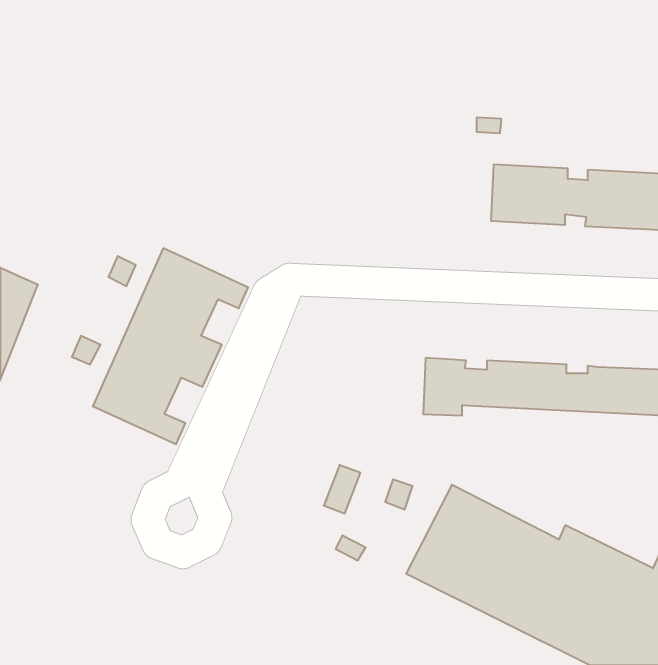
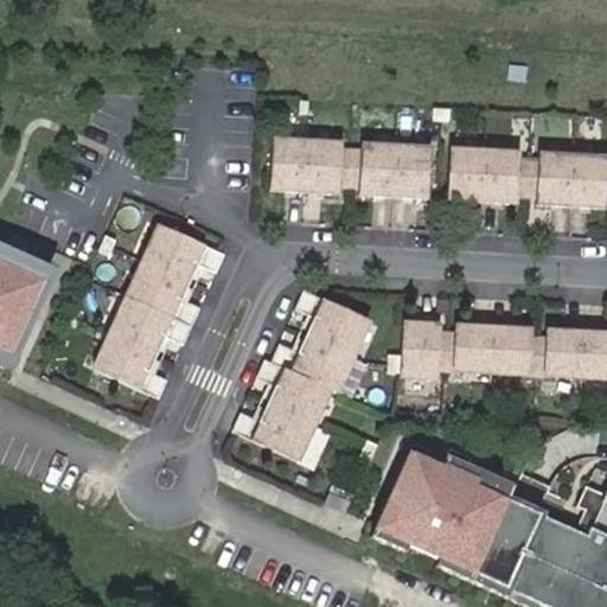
building: none -> [276,141,433,199]
building: none -> [229,292,363,459]

